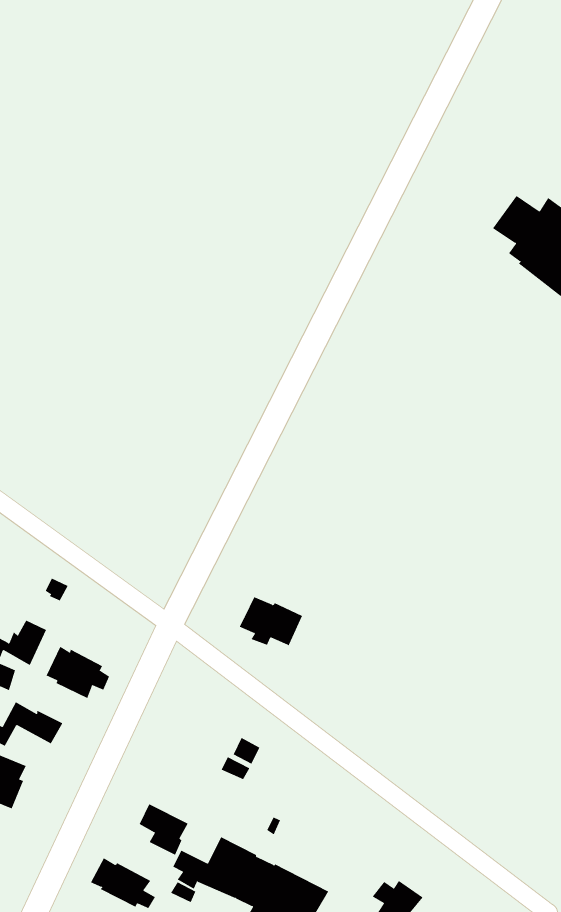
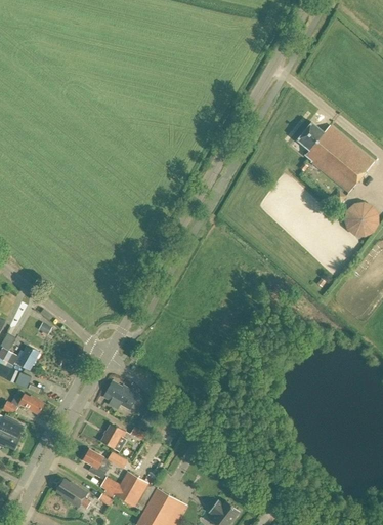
building: [239,596,303,646] -> [102,381,138,410]
building: [46,646,110,699] -> none
building: none -> [100,423,126,452]

